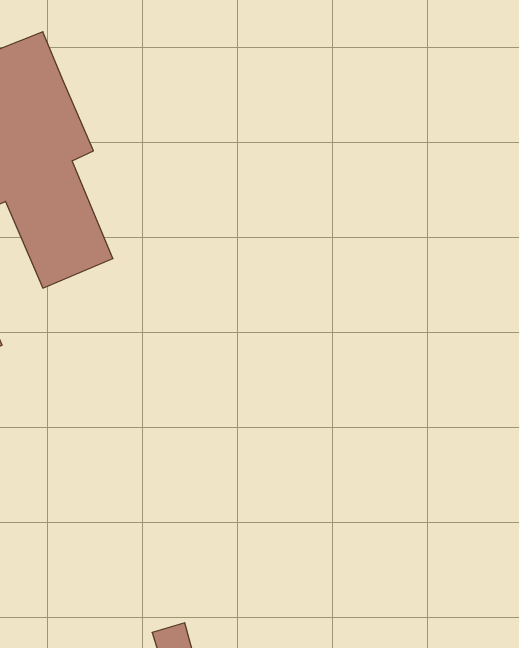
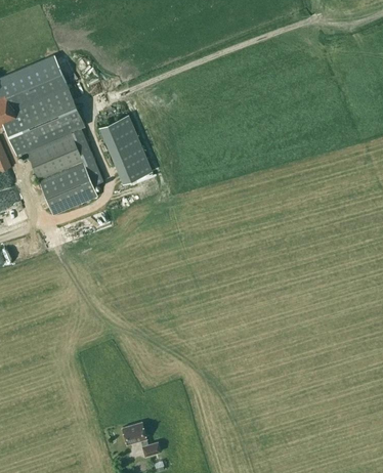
building: none -> [100,117,153,185]

